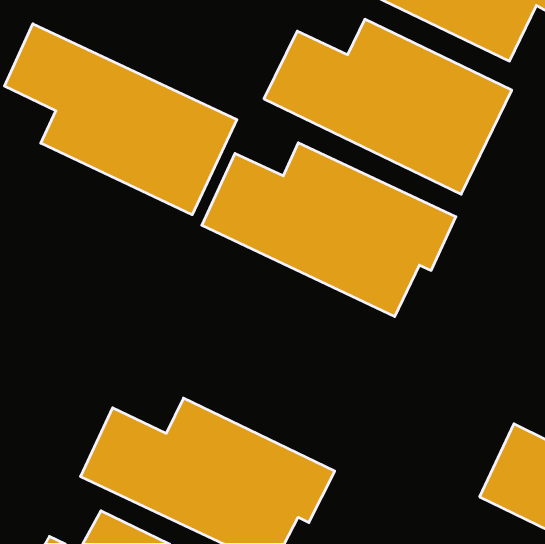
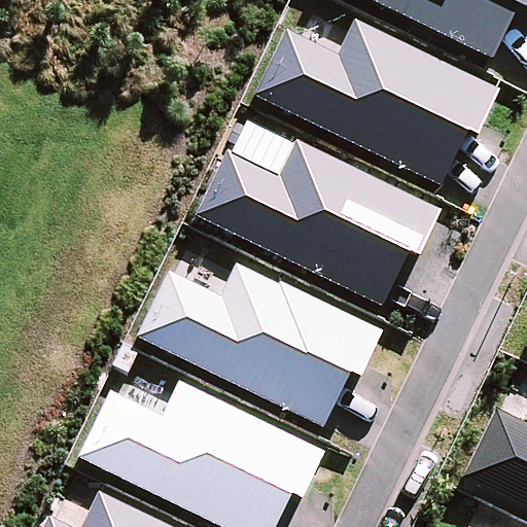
building: [4,24,237,215] -> none
building: none -> [138,262,377,426]

